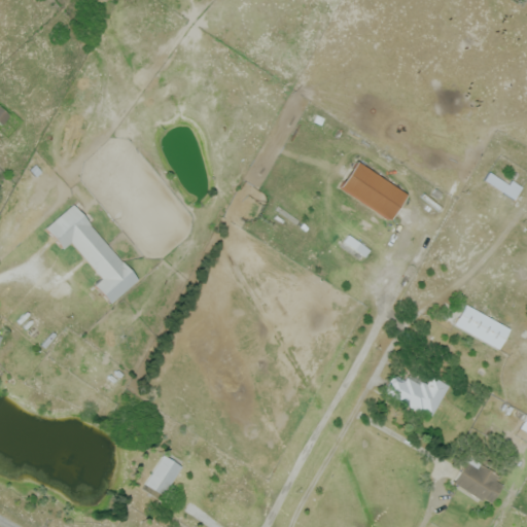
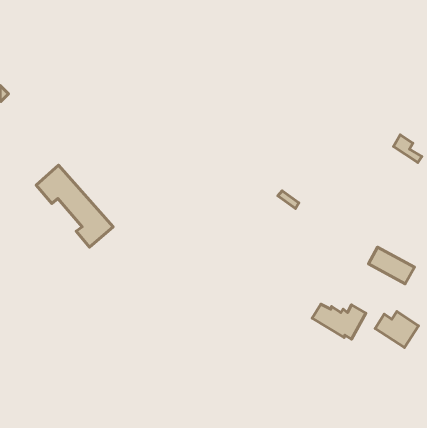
building: [340,160,408,220] -> none
building: [142,454,185,501] -> none
building: [454,461,507,505] -> [375,312,419,348]

